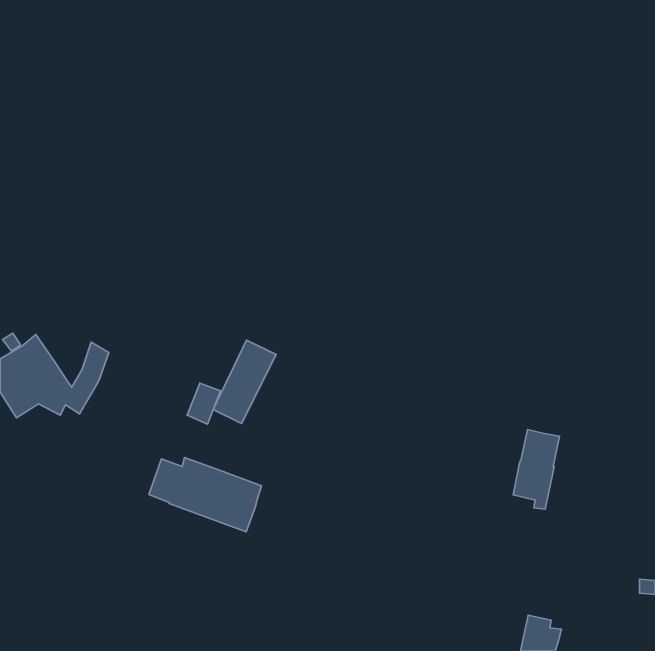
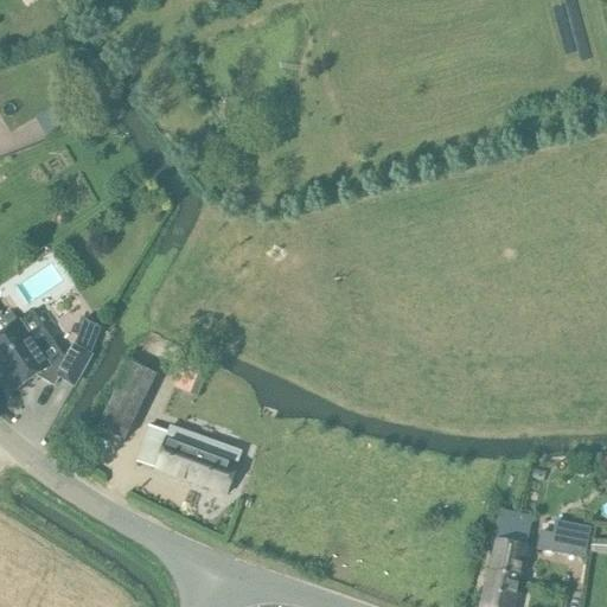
building: [213,340,276,424] -> [98,360,156,437]
building: [513,430,559,509] -> [490,509,532,582]
building: none -> [537,518,576,554]

